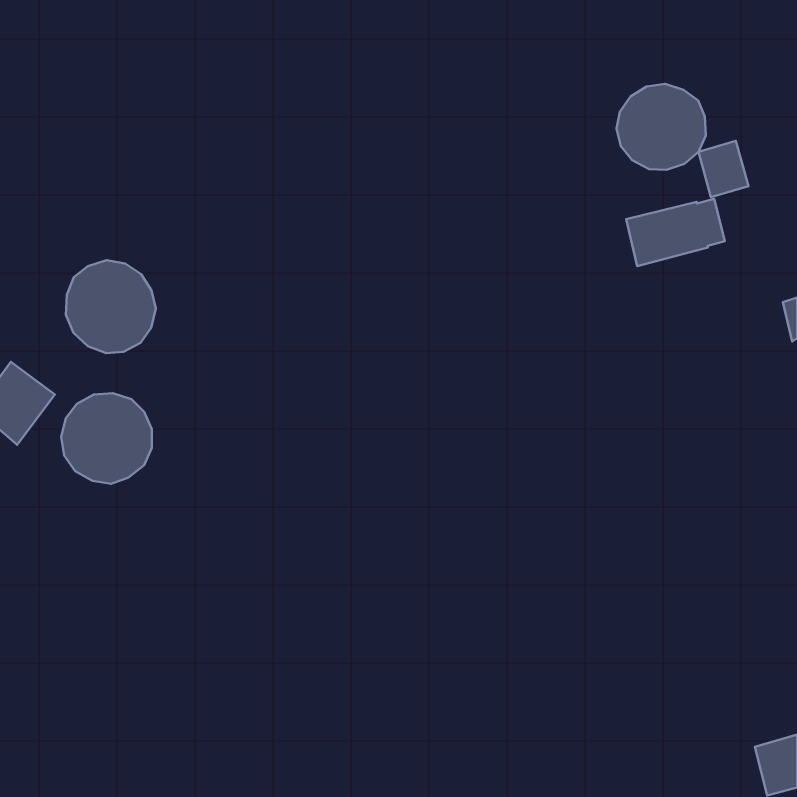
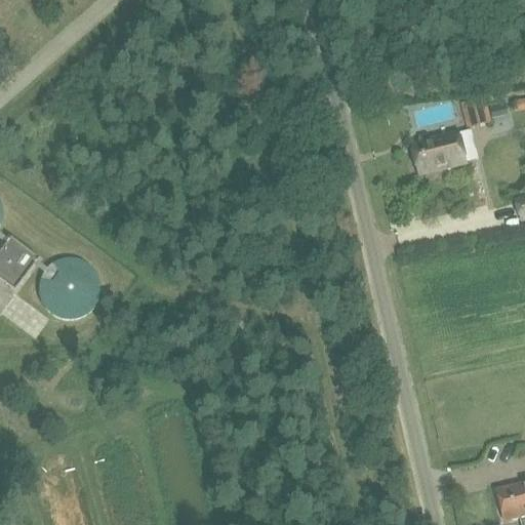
building: [616,84,706,170] -> none
building: [66,260,156,353] -> none

